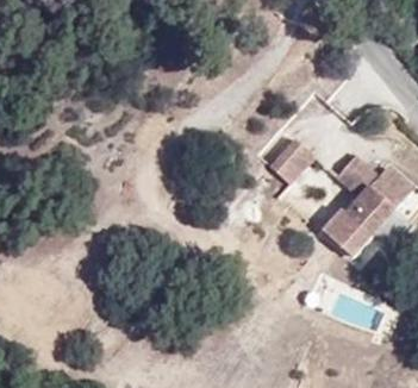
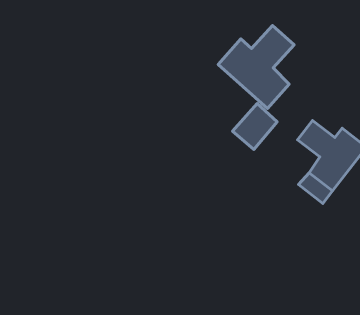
building: none -> [218,25,294,108]

